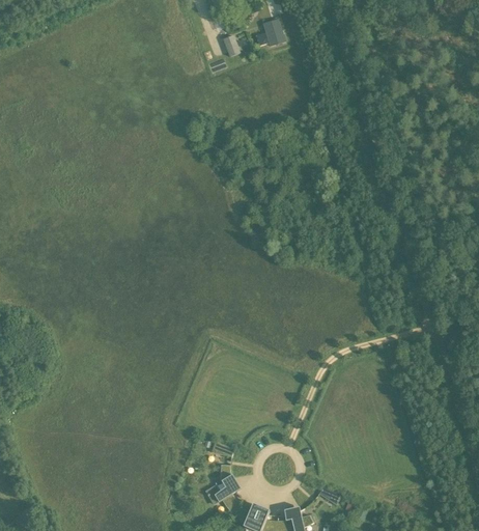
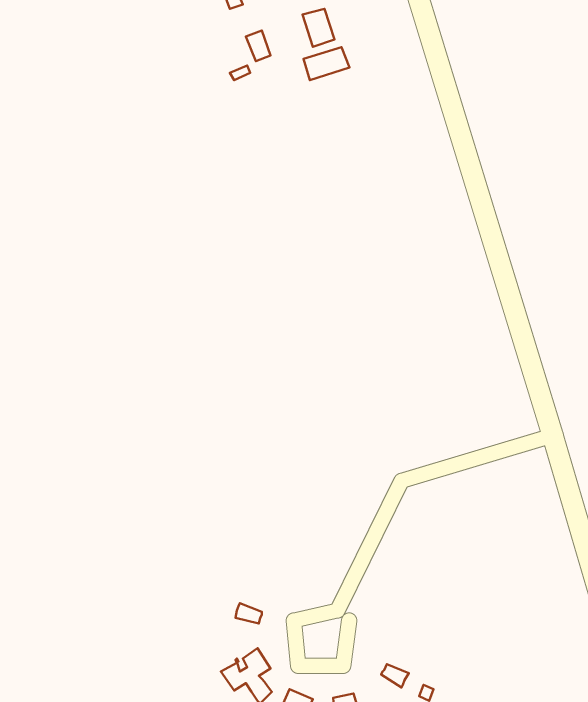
building: none -> [304,47,350,80]

